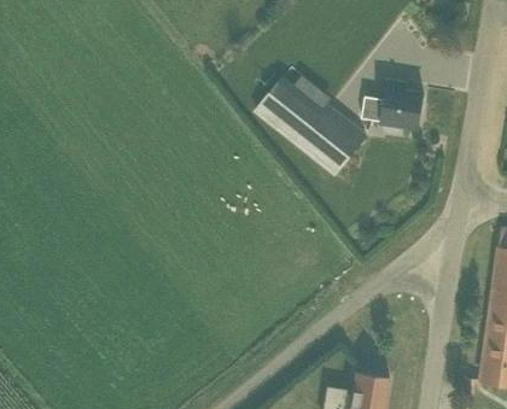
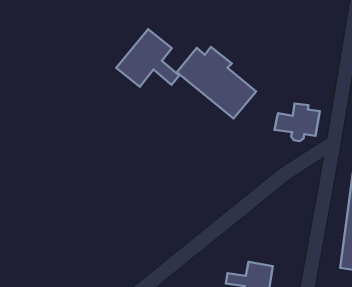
building: none -> [116,29,179,87]
building: [361,81,424,133] -> [275,103,320,141]

